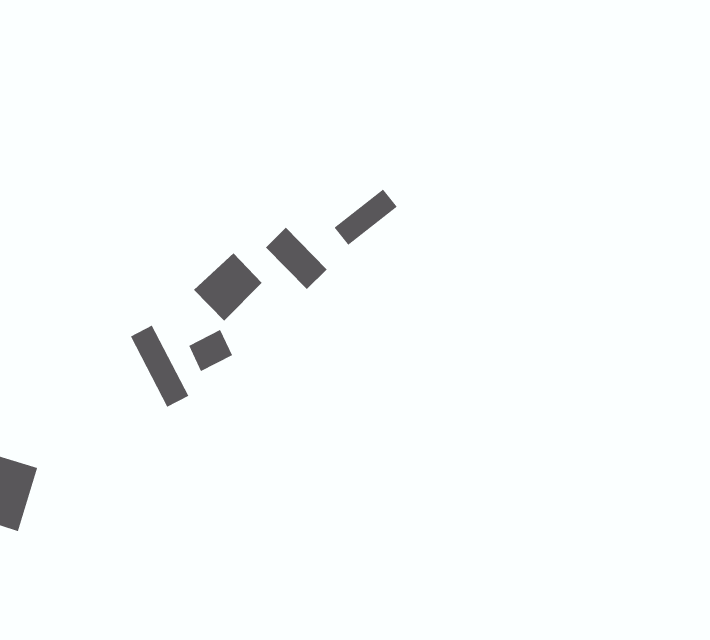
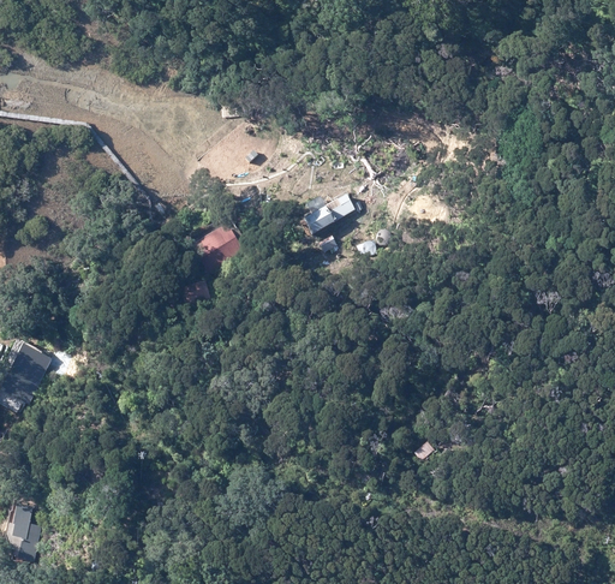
building: [265,227,328,290] -> none
building: [130,324,189,408] -> none

